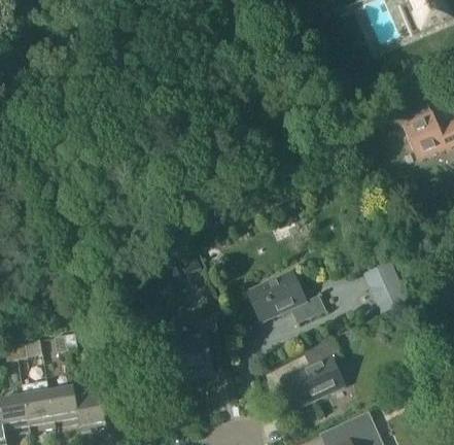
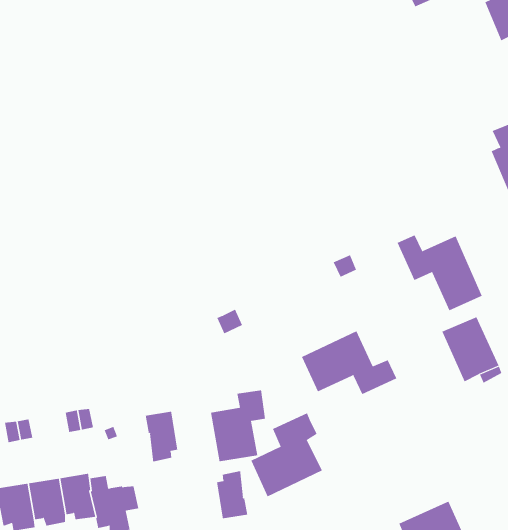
building: none -> [397,235,482,311]
building: none -> [145,411,178,463]
building: [285,337,344,406] -> [251,413,323,497]
building: none -> [216,470,248,519]

